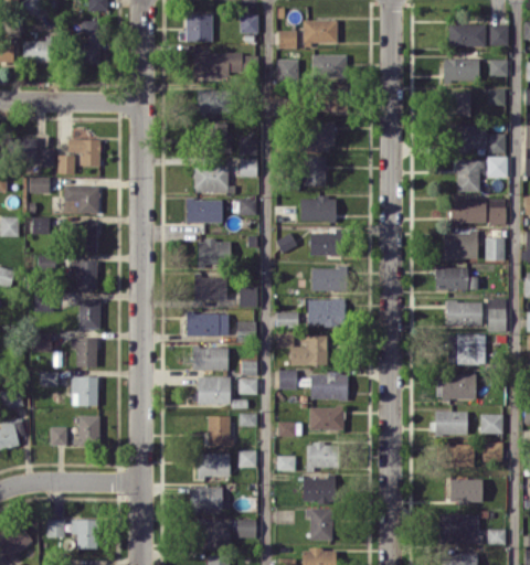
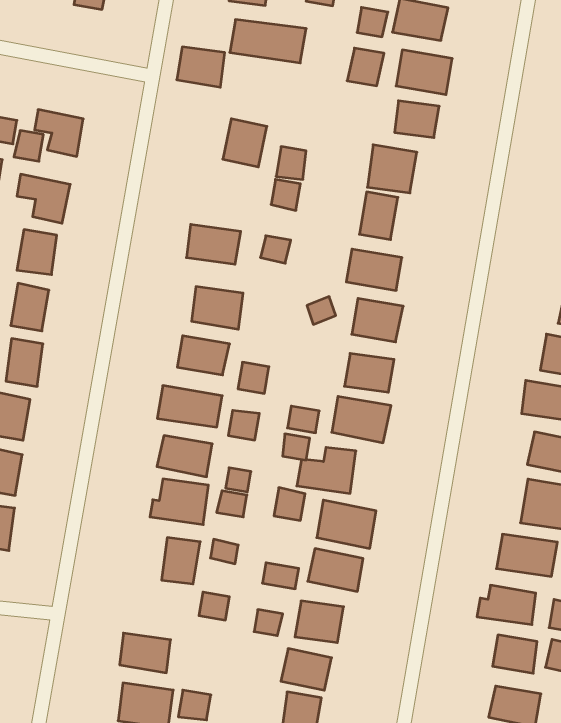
building: [198,90,229,115] -> [177,47,225,87]
building: [194,167,229,193] -> none
building: [197,454,231,478] -> none

